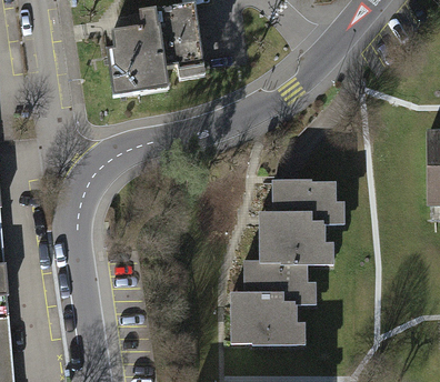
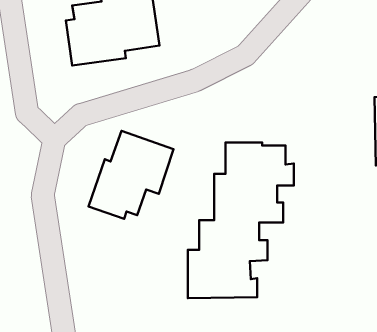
building: none -> [89,131,173,219]

